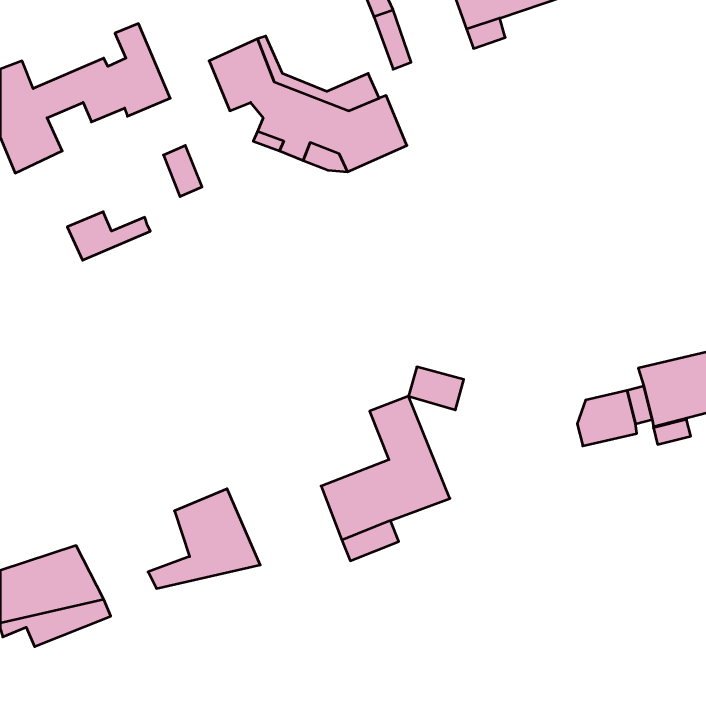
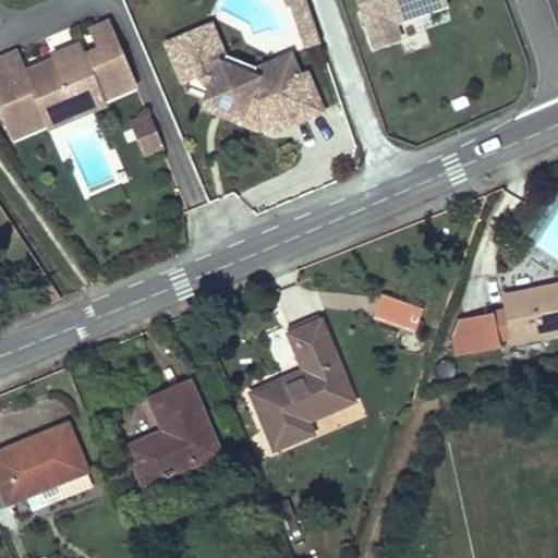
building: [67,212,150,260] -> [38,81,104,119]
building: [408,367,464,410] -> [377,291,421,325]
building: none -> [124,445,209,484]

